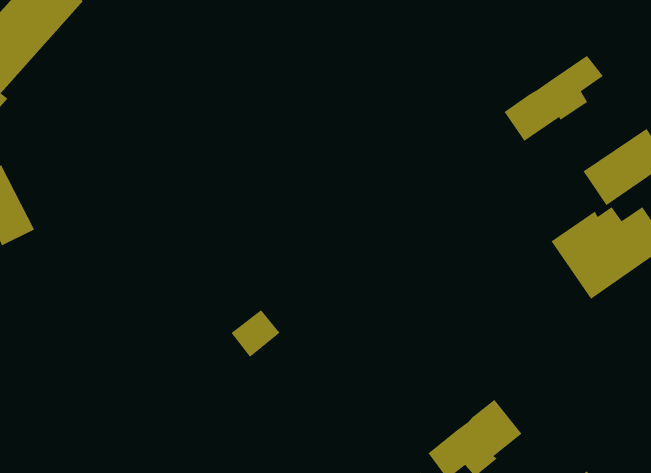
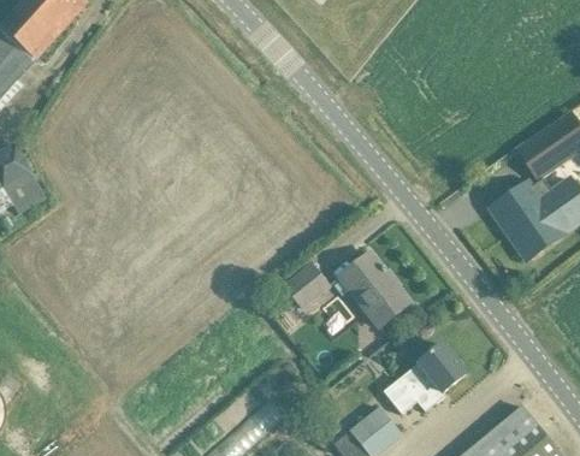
building: [503,55,604,142] -> none
building: none -> [338,253,408,327]
building: [230,309,281,358] -> [284,265,327,307]

